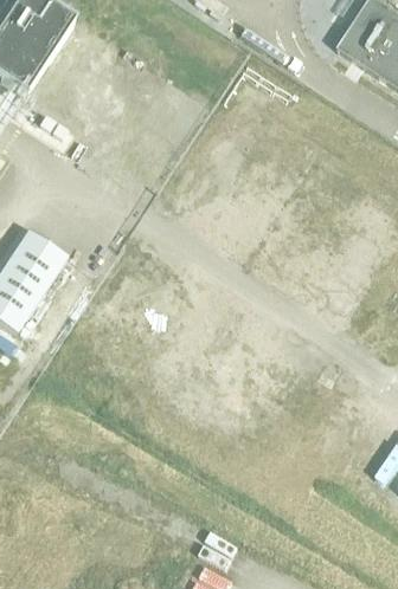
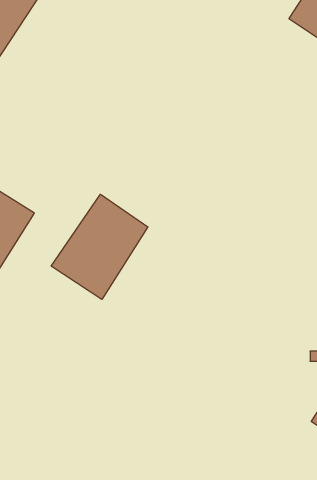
building: none -> [51,194,148,299]

